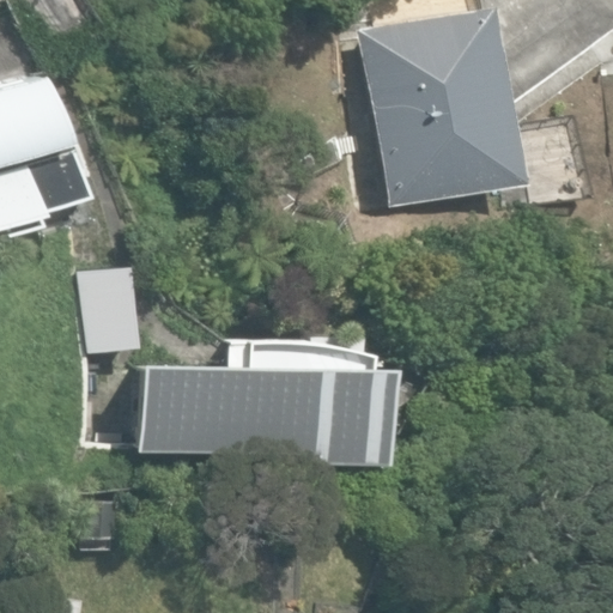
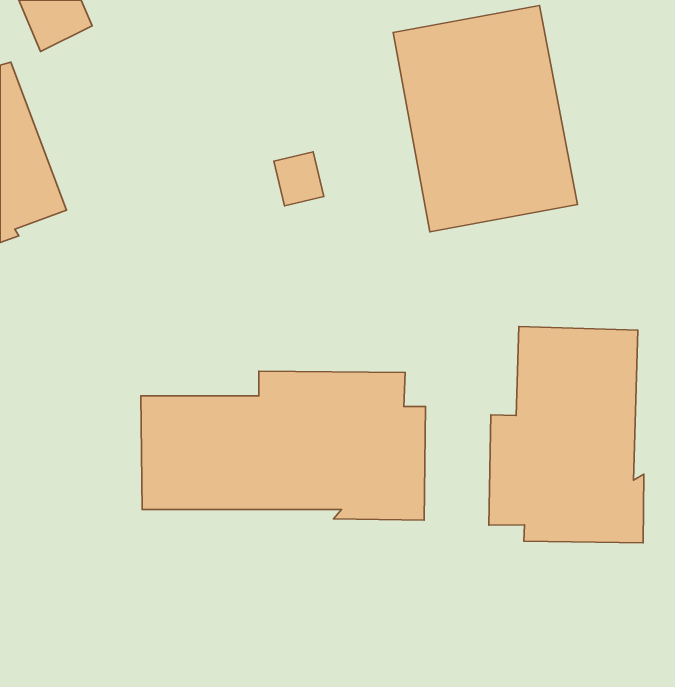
building: none -> [489,327,644,543]

